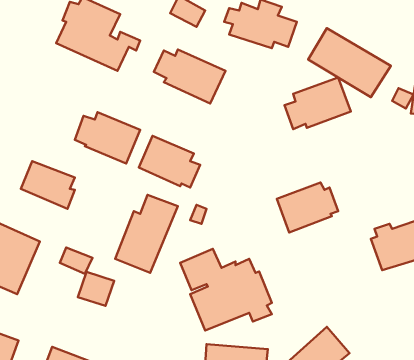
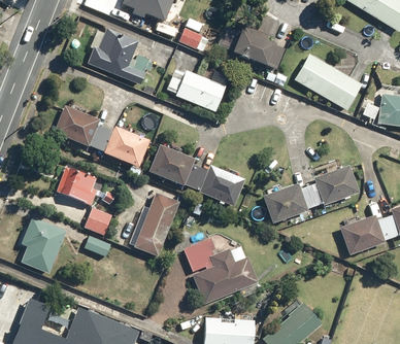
building: [284,78,351,129] -> [308,162,363,204]
building: none -> [57,104,106,145]
building: none -> [194,164,248,204]
building: [78,272,114,306] -> [86,205,115,233]

